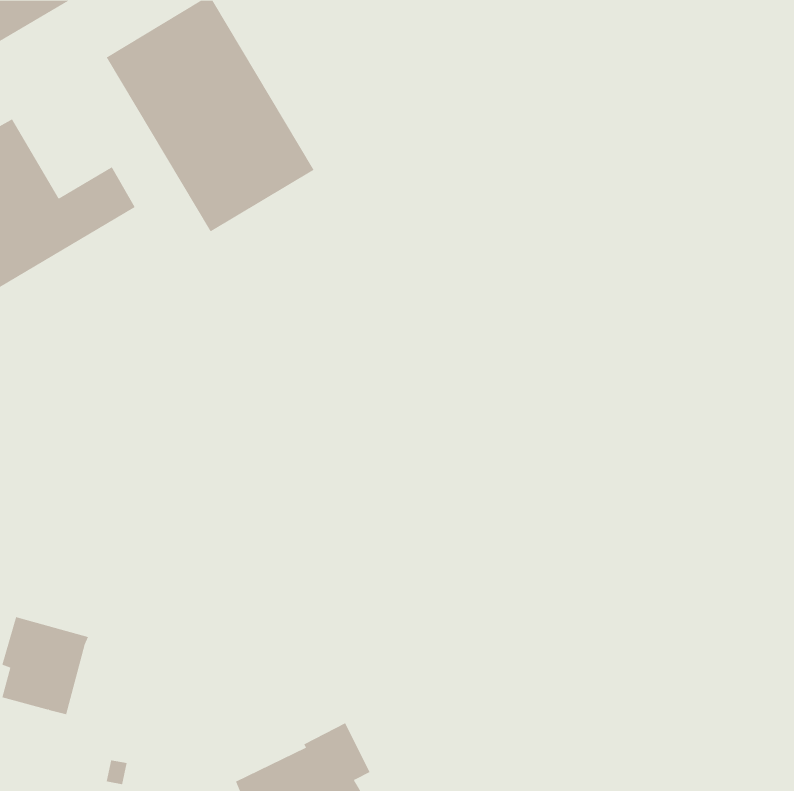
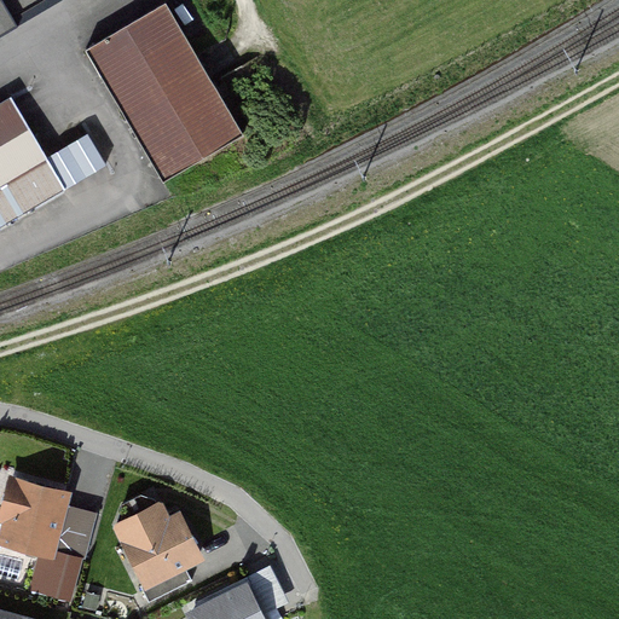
building: none -> [111,497,204,604]
building: none -> [28,504,94,602]

